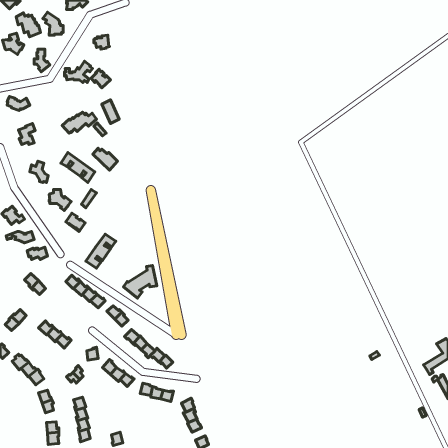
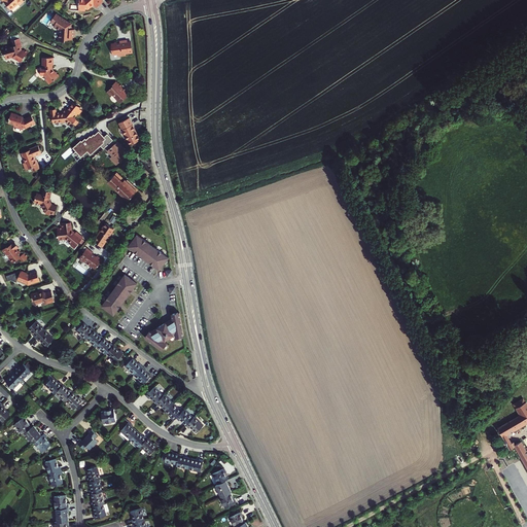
building: [16,13,40,37] -> none
building: [64,61,92,82] -> [49,102,82,127]
building: [61,153,95,182] -> [127,235,167,270]

